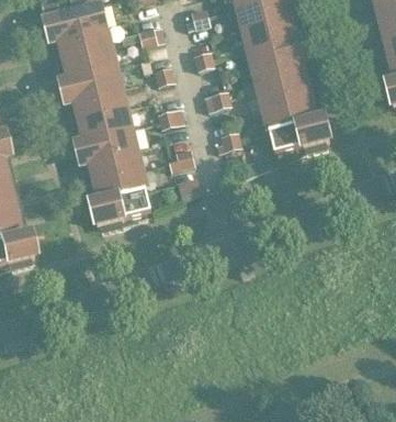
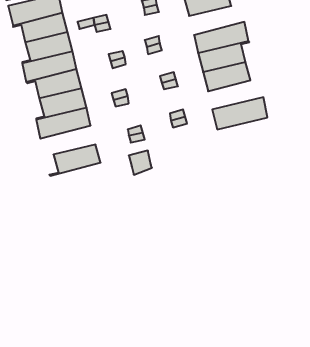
building: [244,18,304,49] -> none
building: [264,99,325,131] -> none
building: [81,148,142,180] -> none
building: [92,189,152,224] -> none

